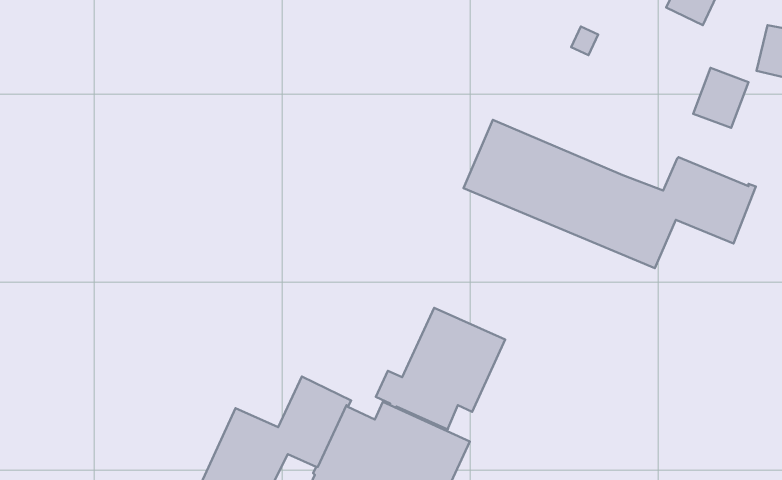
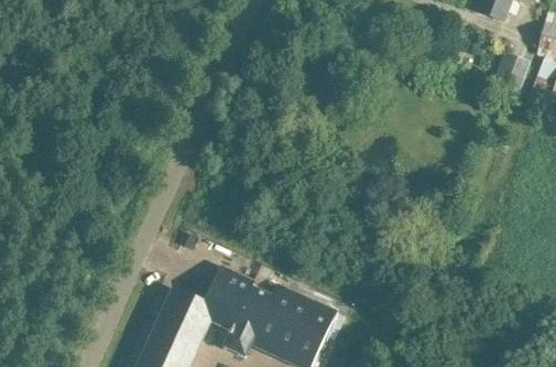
building: [464,120,756,268] -> none
building: [376,308,505,430] -> none

